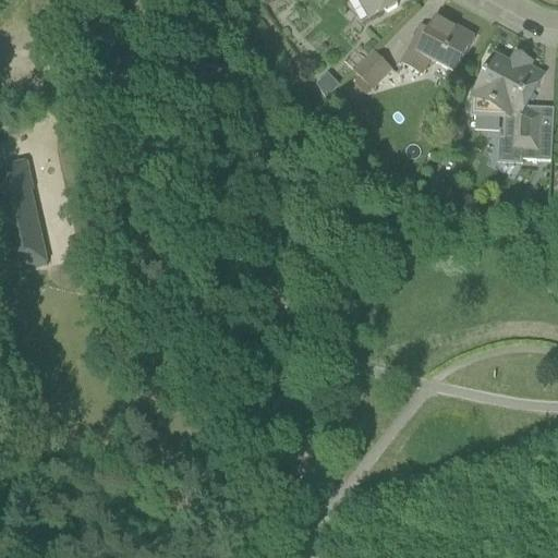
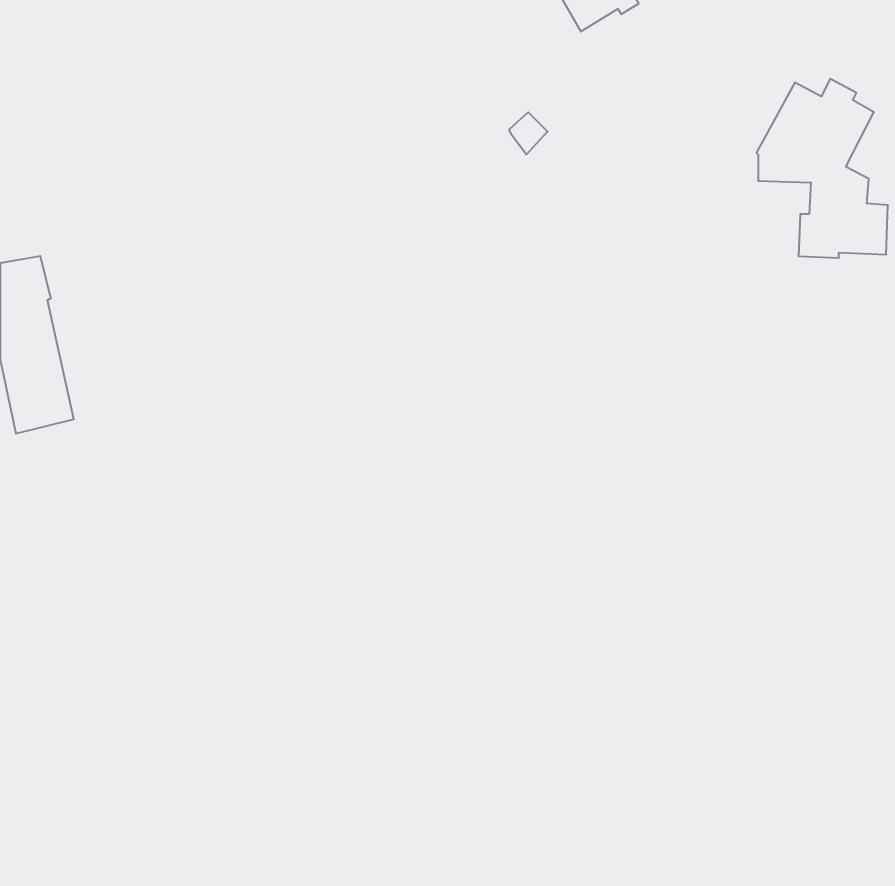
building: [401,12,475,72] -> none
building: [353,47,392,87] -> none

